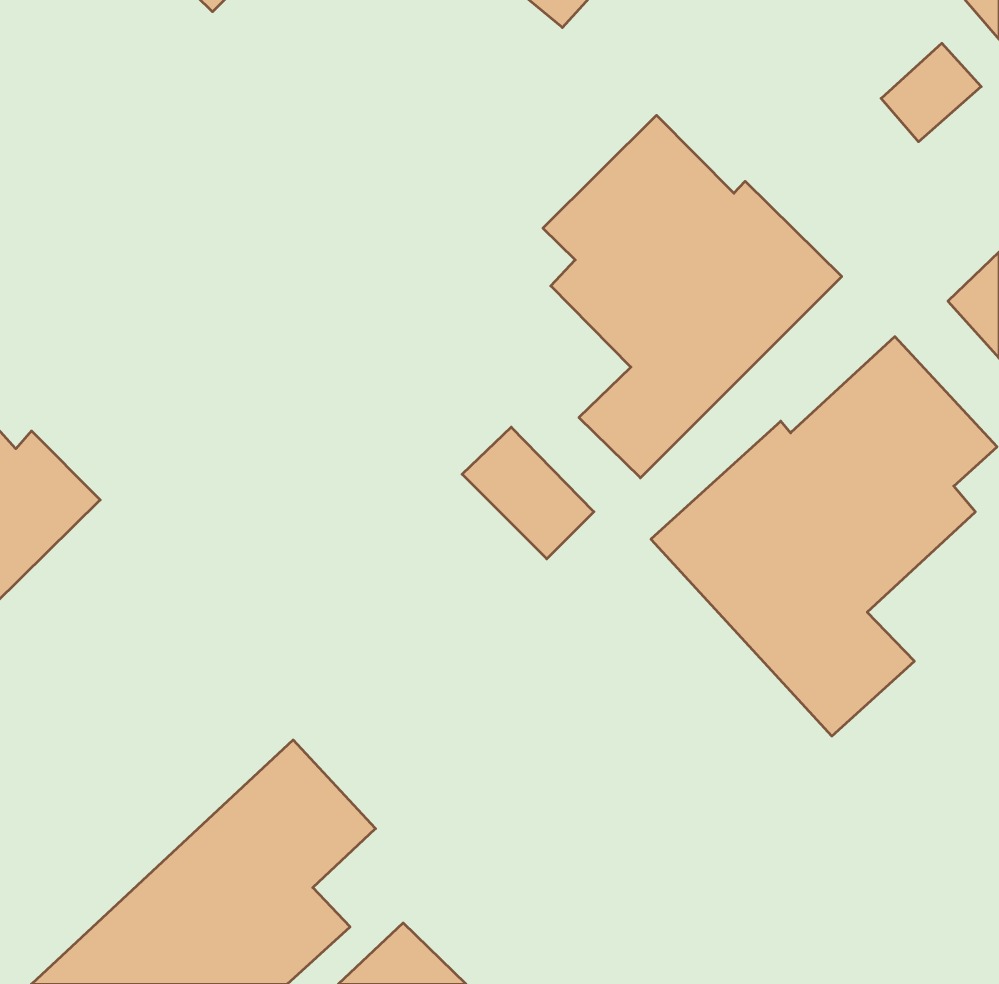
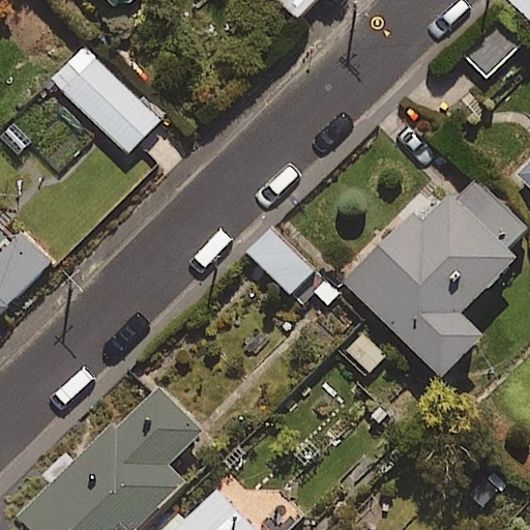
building: none -> [50,42,158,151]
building: [543,115,842,478] -> none

